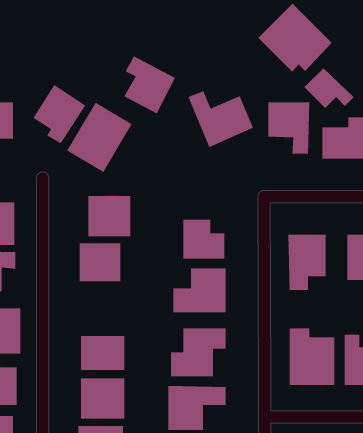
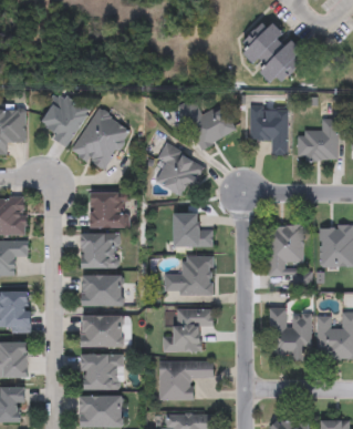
building: [123,55,176,114] -> [155,145,201,197]
building: [304,67,355,109] -> none
building: none -> [83,275,123,307]

